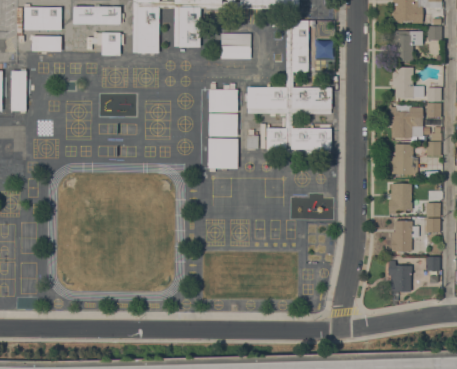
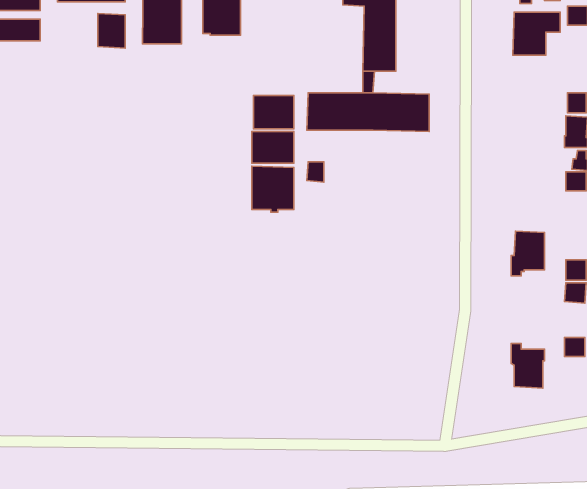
building: [220,33,250,59] -> none
building: [392,67,423,98] -> none
building: [388,104,423,138] -> none
building: [266,128,331,155] -> none
building: [388,144,418,175] -> none
building: [387,221,418,252] -> none

